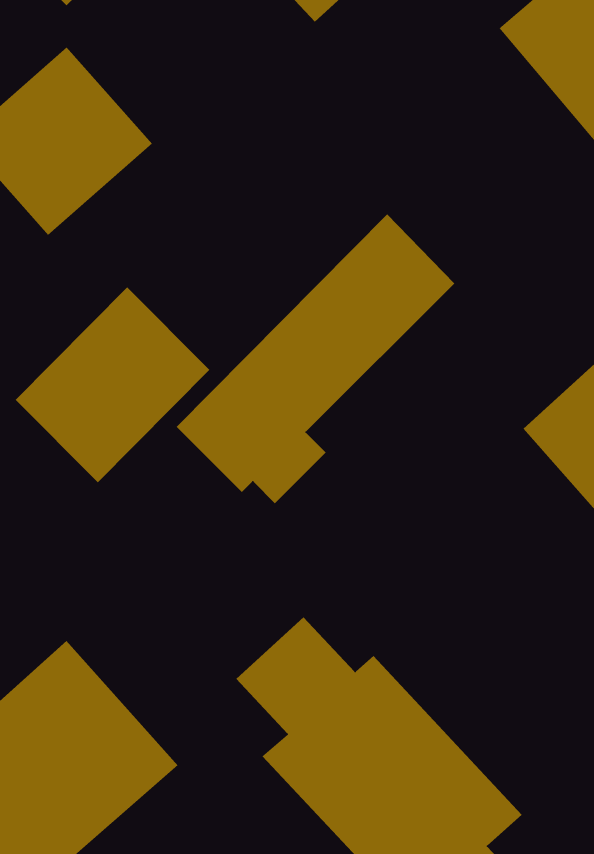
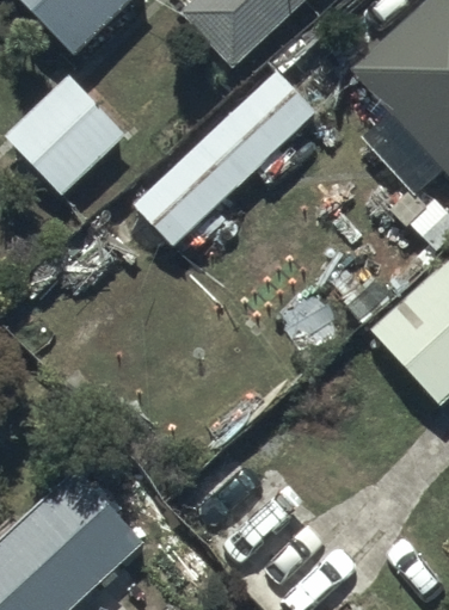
building: [176,214,455,504] -> [130,70,312,259]
building: [15,286,210,483] -> none

